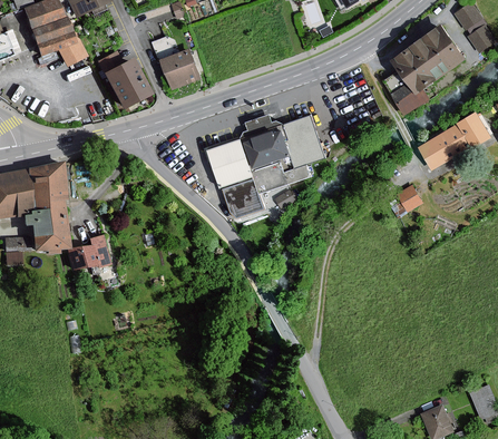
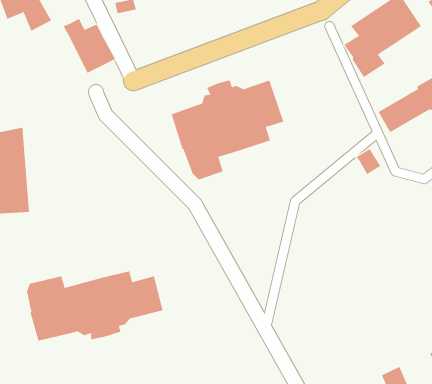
building: [160,49,197,88] -> none
building: [65,235,107,272] -> none
building: none -> [26,270,163,342]

